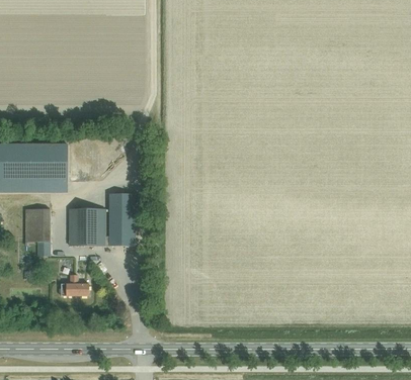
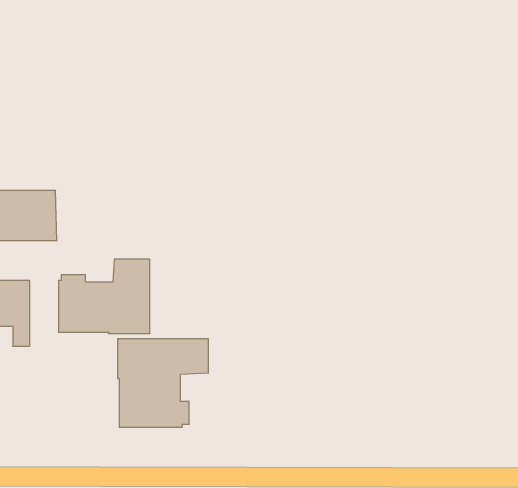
building: none -> [118,339,208,427]
building: [60,276,88,296] -> none

